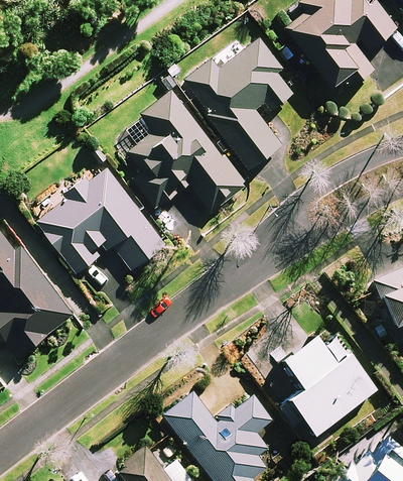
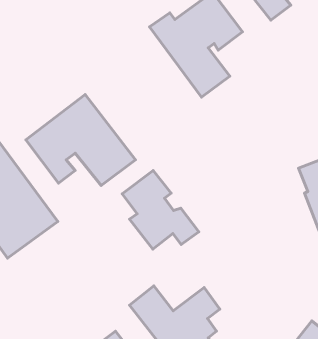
building: [125,87,246,218] -> none
building: none -> [122,170,199,249]
building: [279,340,374,440] -> none

